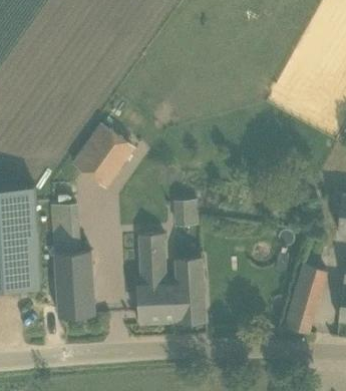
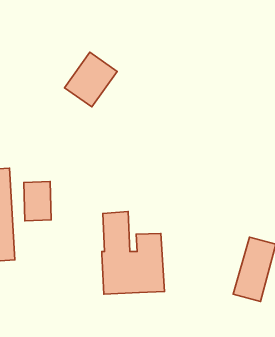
building: [72,125,130,185] -> [65,52,117,107]
building: [175,202,197,226] -> none
building: [54,252,94,318] -> none

